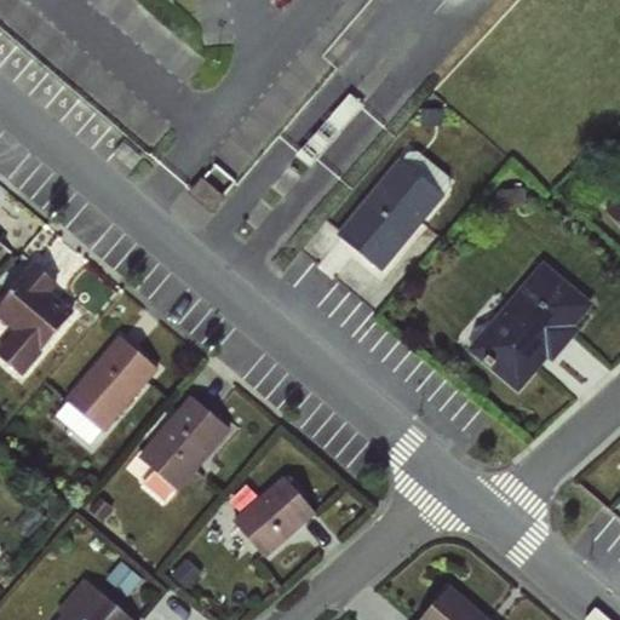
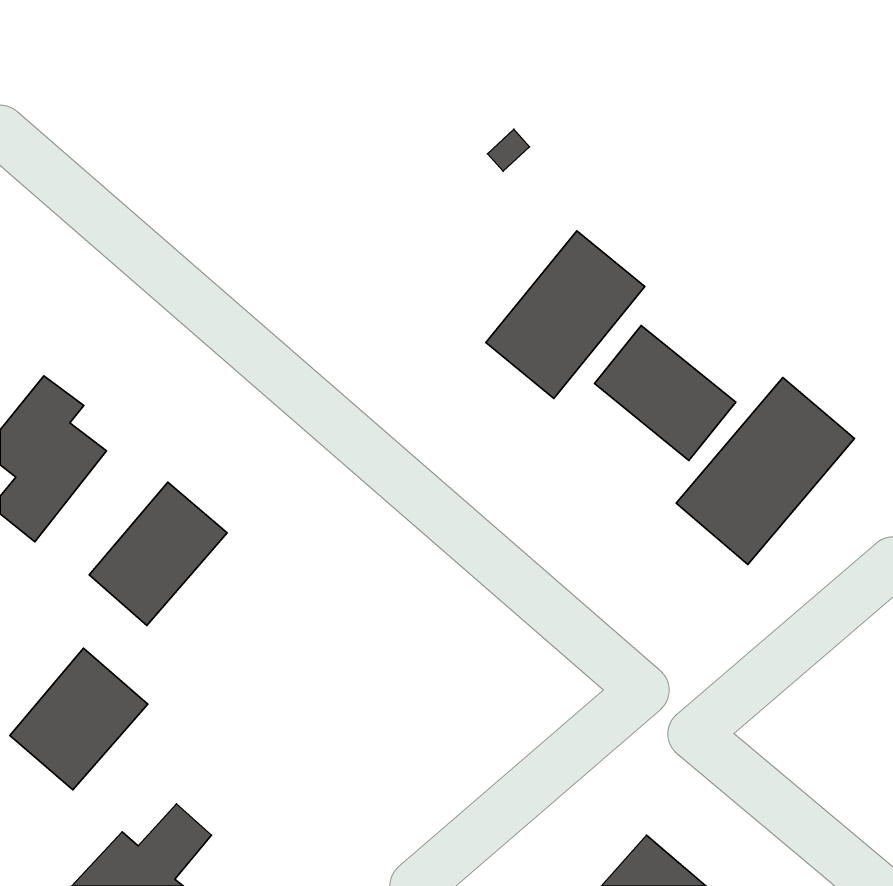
building: none -> [594,325,736,460]
building: [134,392,230,490] -> [10,648,148,790]
building: [234,475,316,558] -> none

